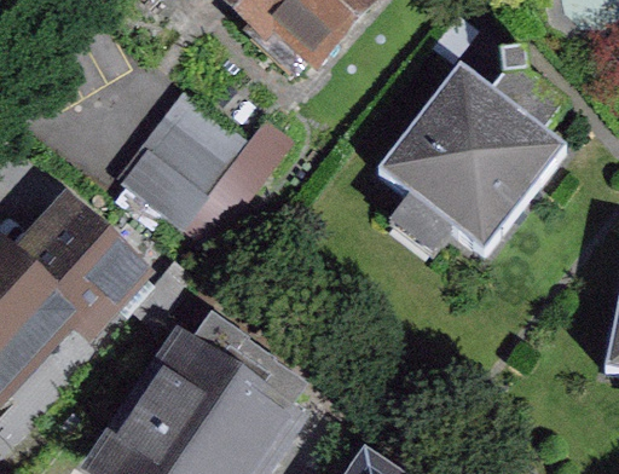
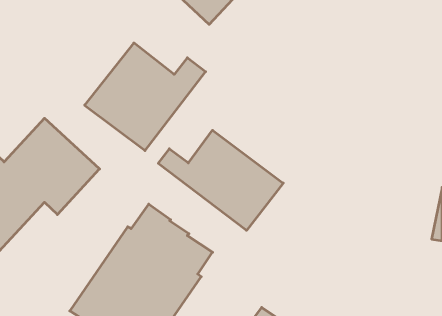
building: [376,48,565,250] -> none
building: none -> [158,130,283,230]

